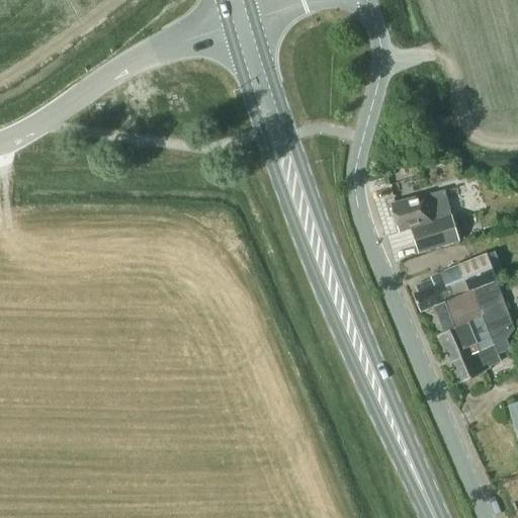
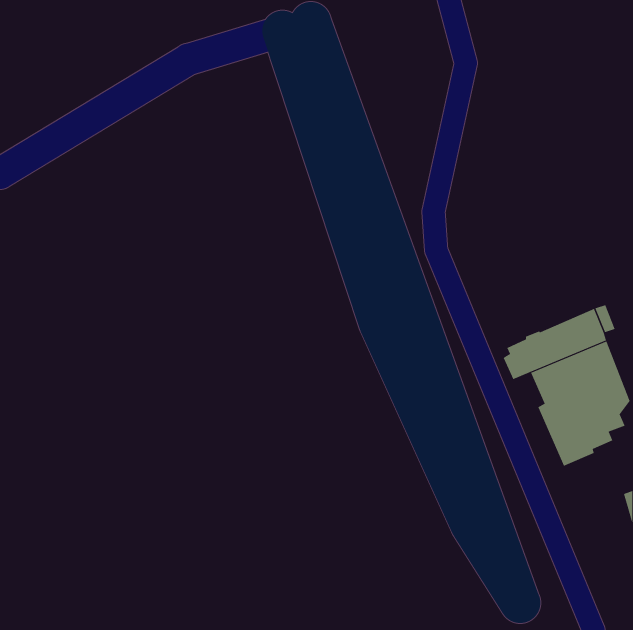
building: [390,192,468,251] -> none

